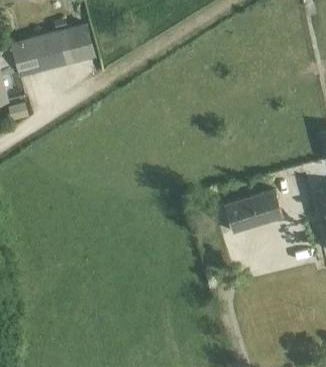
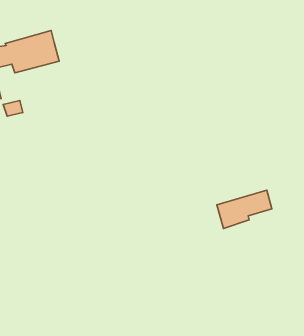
building: [58,25,97,64] -> none

